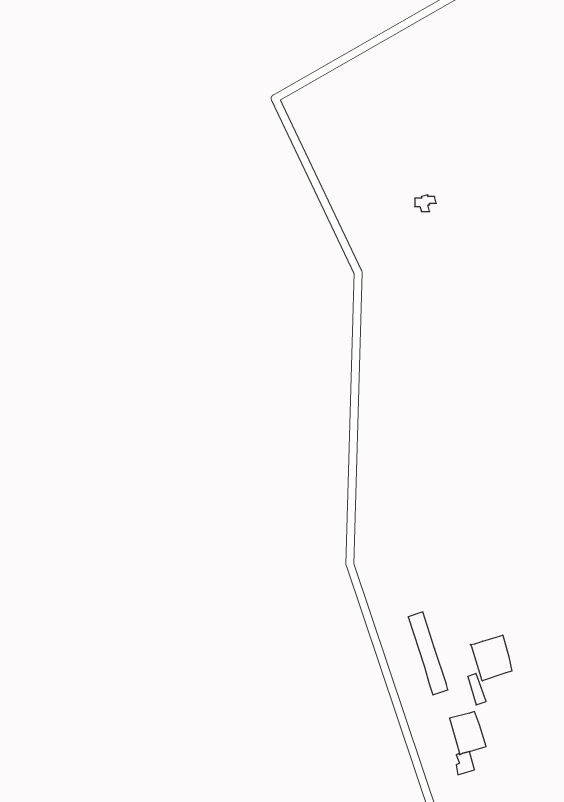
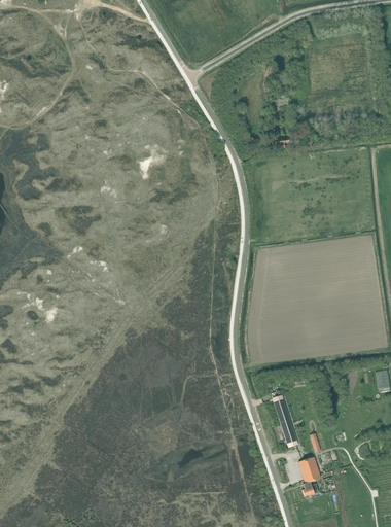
building: [470,635,512,681] -> none

